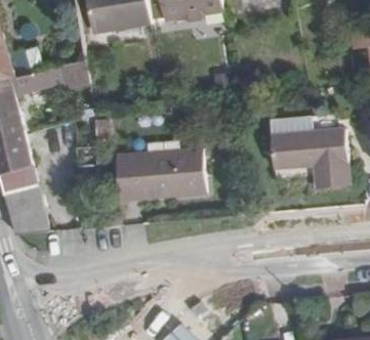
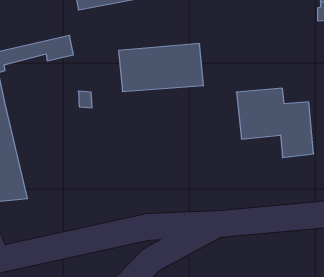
building: [118,150,207,200] -> [119,44,204,92]

